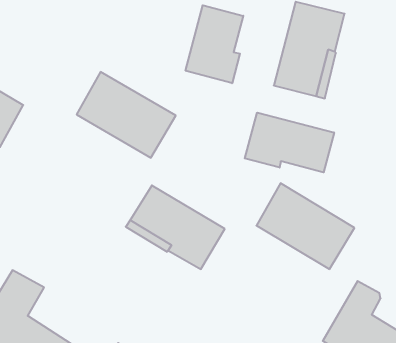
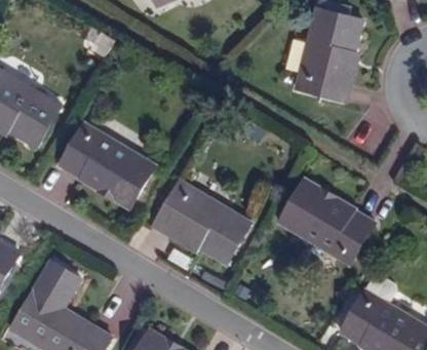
building: [186,5,243,83] -> none
building: [77,72,176,158] -> [61,124,154,205]
building: [245,113,334,172] -> none

